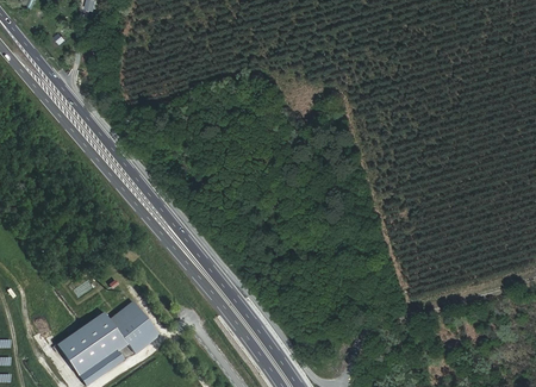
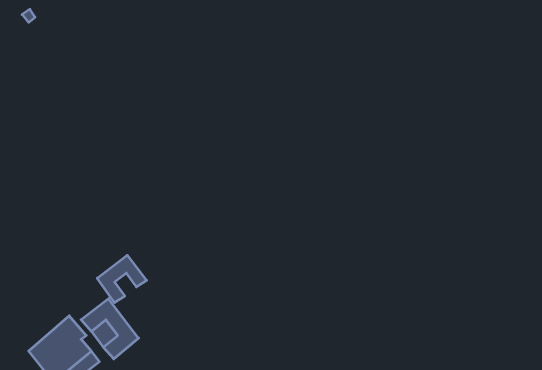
building: none -> [97,255,147,303]

